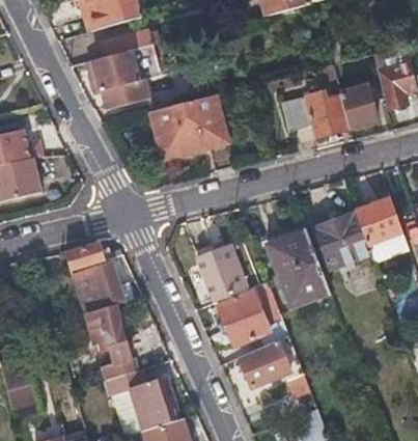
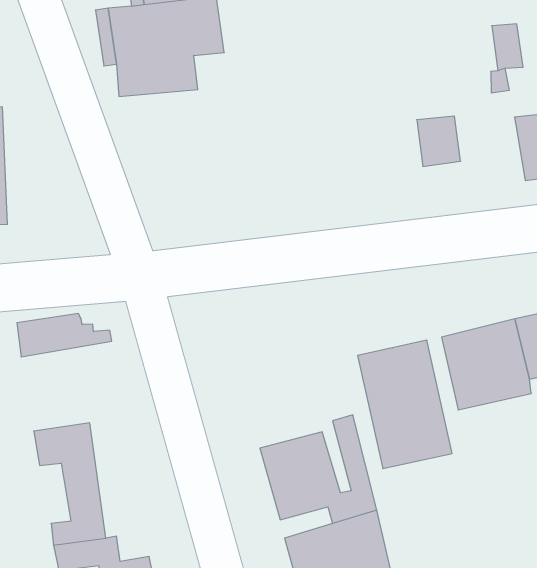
building: [303,91,350,137] -> none
building: [149,93,227,160] -> none
building: [195,244,248,303] -> none
building: [71,265,136,314] -> none

